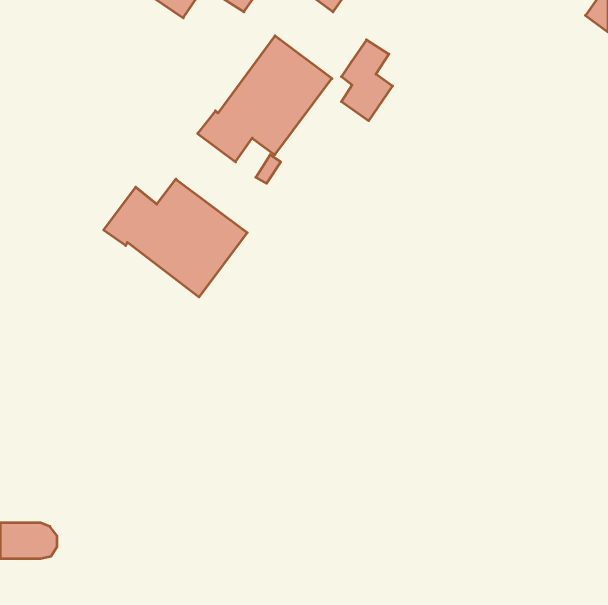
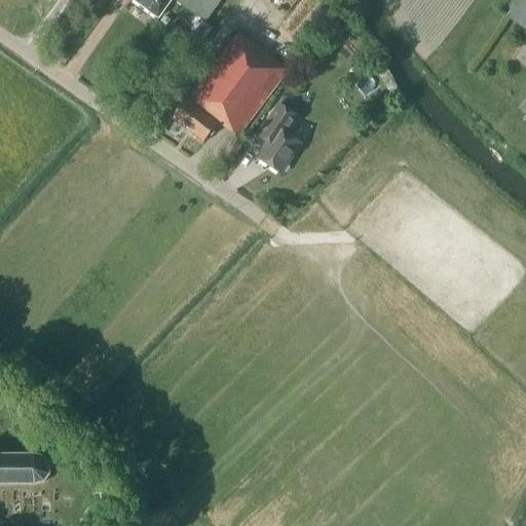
building: [341,40,393,121] -> [257,102,301,172]
building: [104,179,247,297] -> none

